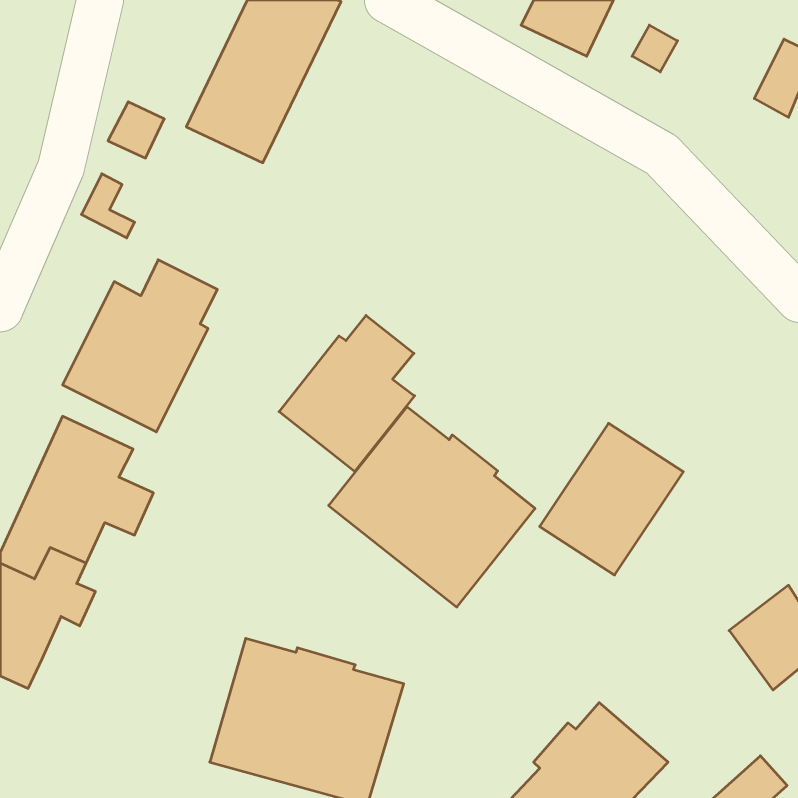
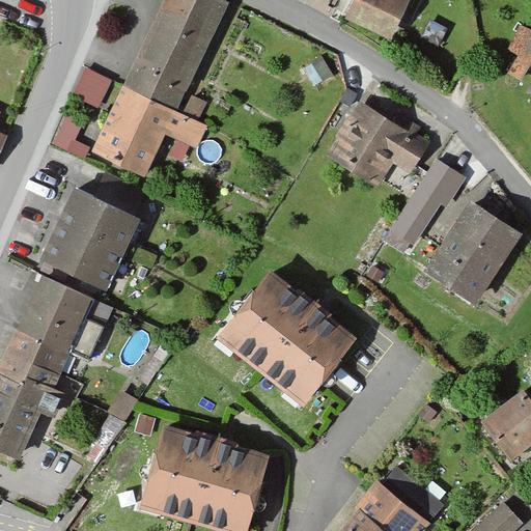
building: none -> [93,85,207,175]
building: none -> [329,103,427,187]
building: none -> [384,161,464,252]
building: [279,315,415,472] -> none
building: [540,423,683,575] -> [426,201,522,302]

